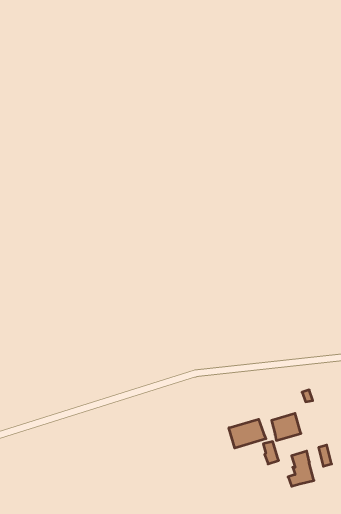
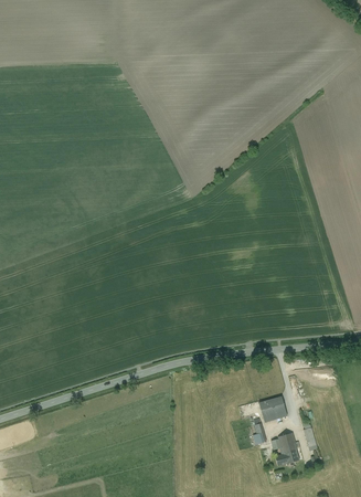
building: [229,419,266,448] -> none

